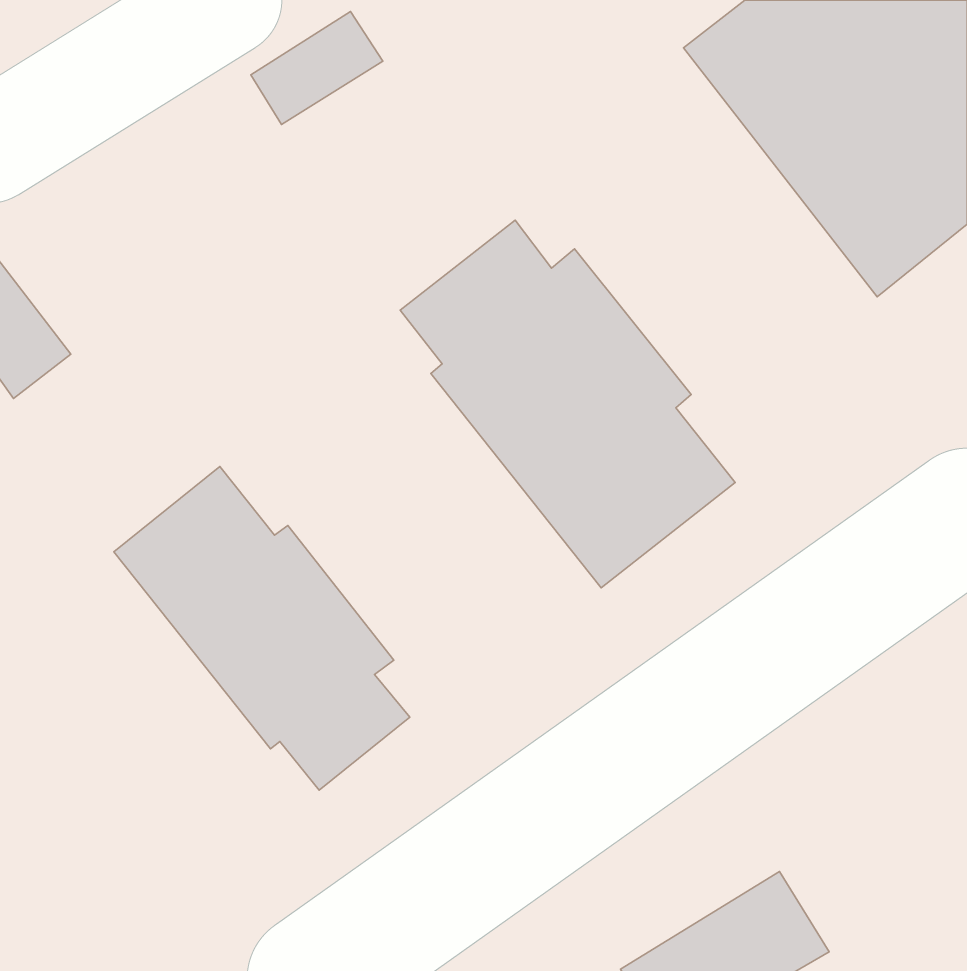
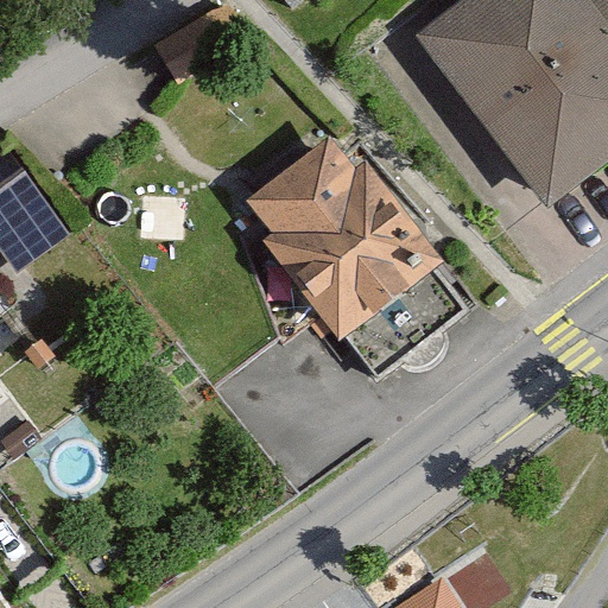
building: [114,466,410,790] -> none

